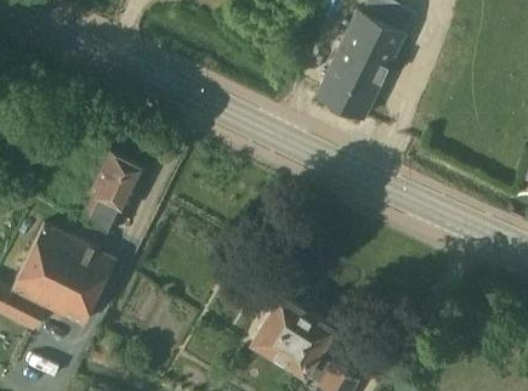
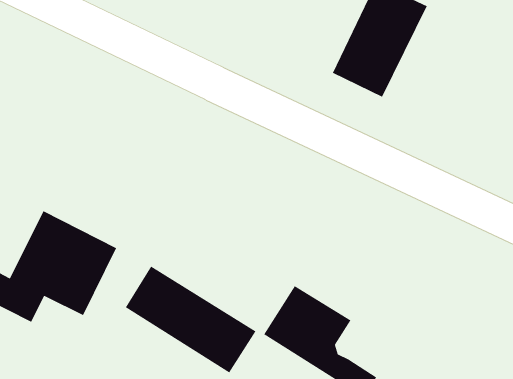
building: [81,152,147,232] -> none
building: none -> [125,266,257,374]

